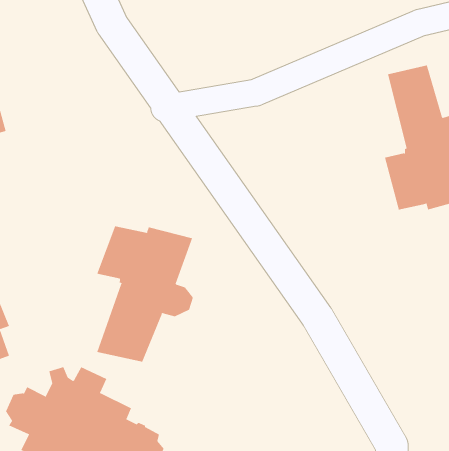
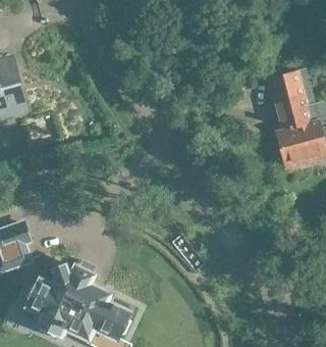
building: [96,226,194,362] -> none

